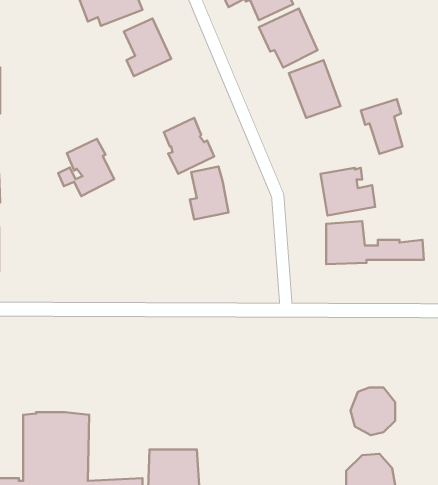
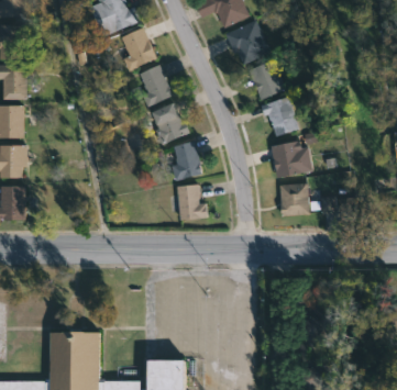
building: [361,99,403,154] -> [263,97,295,138]
building: [58,139,114,196] -> [128,64,170,108]
building: none -> [174,185,206,221]

